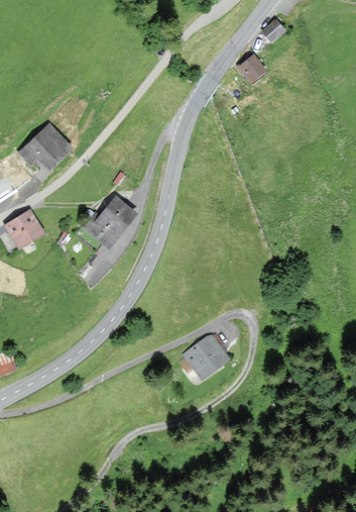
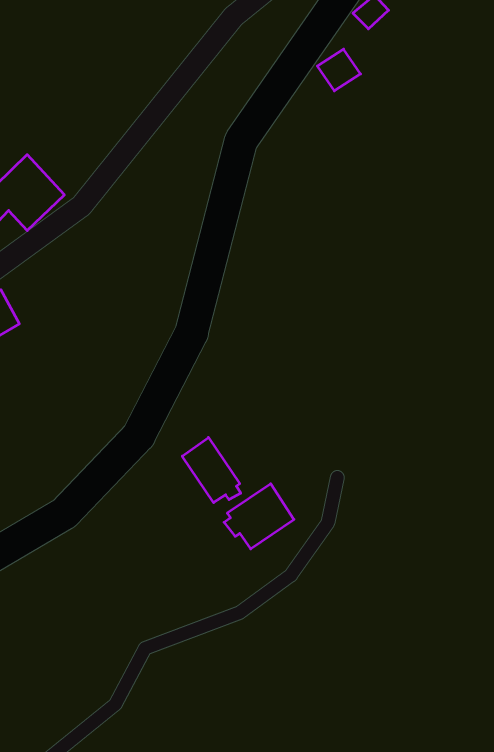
building: [83,196,137,248] -> none
building: none -> [182,437,241,503]

